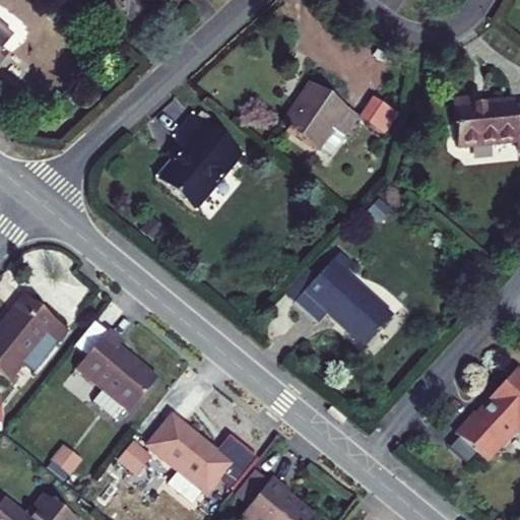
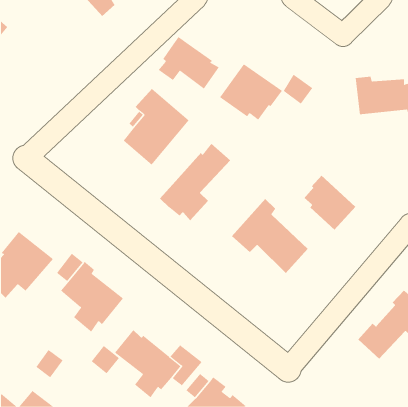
building: none -> [158,36,220,89]
building: none -> [159,143,231,221]
building: none -> [303,175,356,230]

